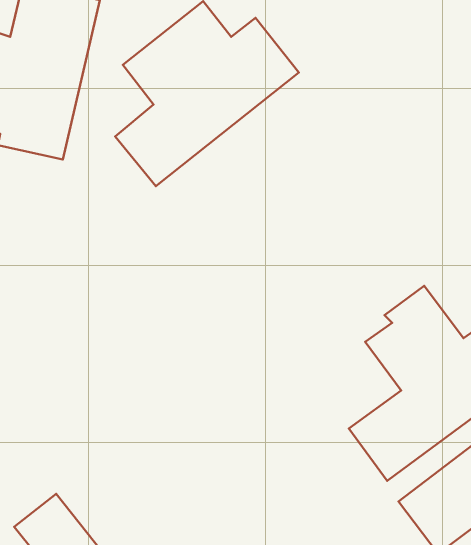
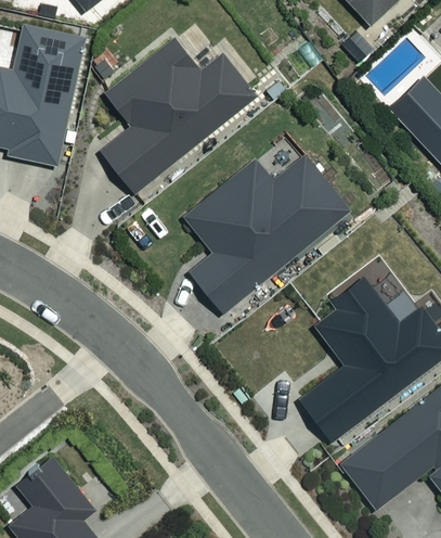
building: none -> [184,153,350,315]

